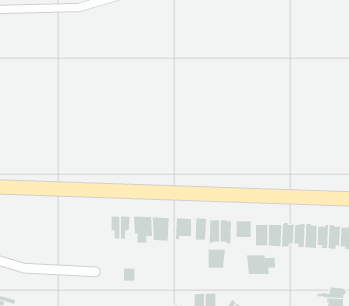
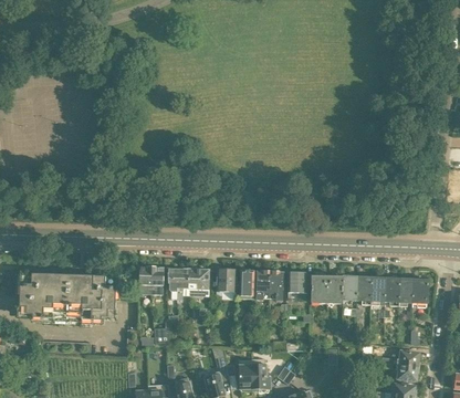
building: none -> [19,273,115,320]
building: [208,249,226,268] -> none
building: [246,254,276,275] -> none

